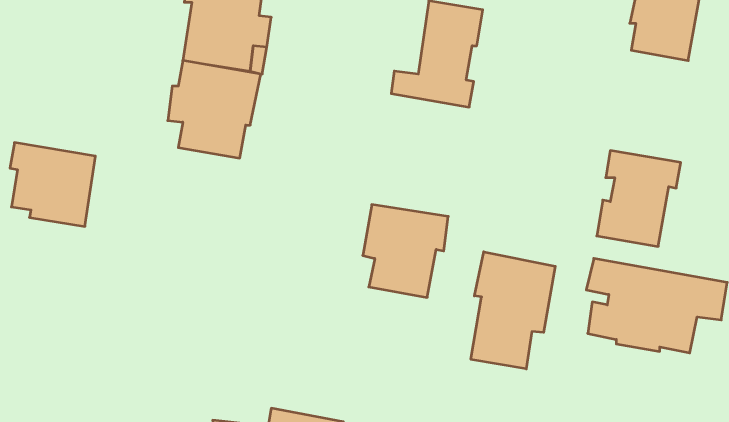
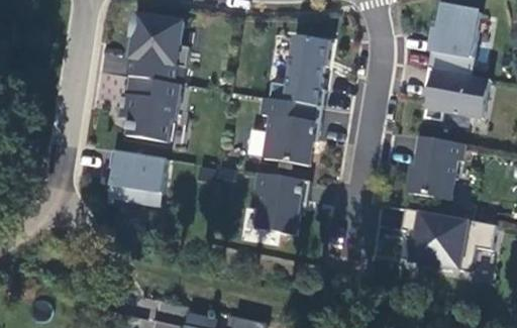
building: none -> [424,68,489,121]
building: none -> [260,96,321,166]
building: [10,143,95,226] -> [108,148,166,205]
building: [471,252,555,369] -> none

